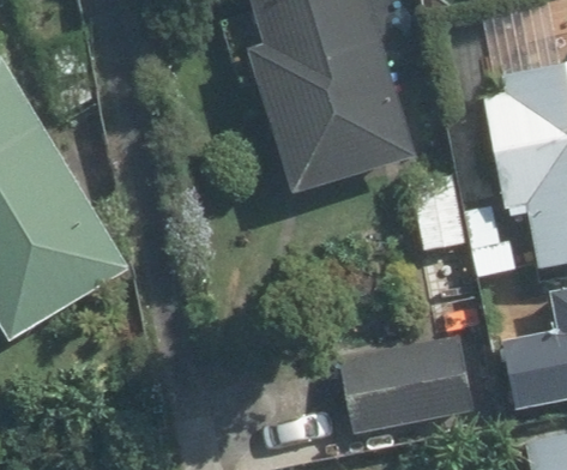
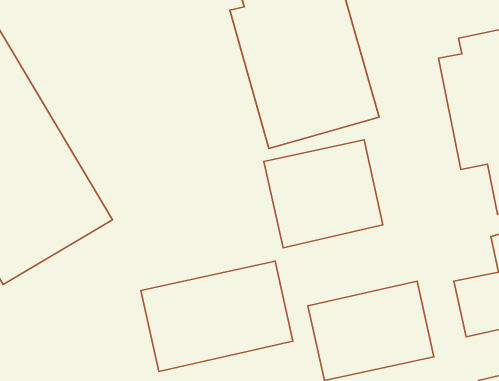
building: none -> [264,140,383,248]
building: none -> [141,261,293,372]

